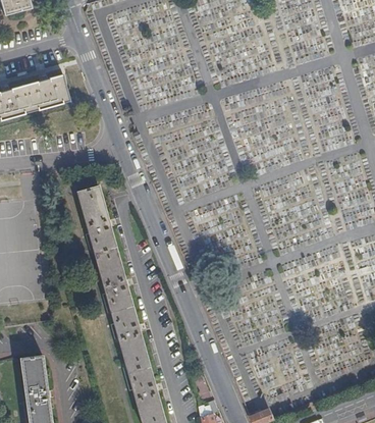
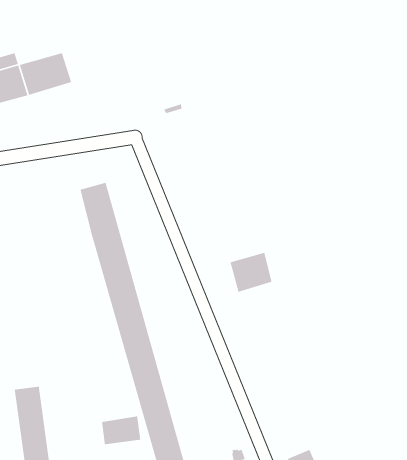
building: none -> [230,252,273,293]
building: none -> [101,416,141,445]

